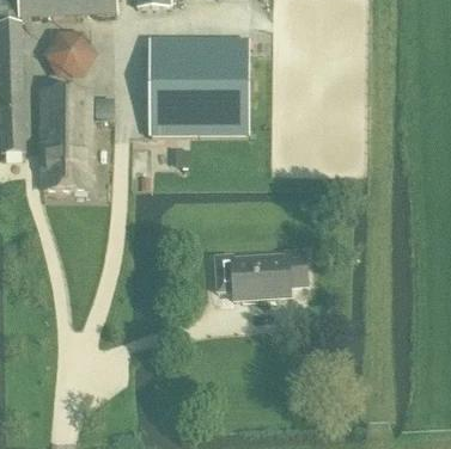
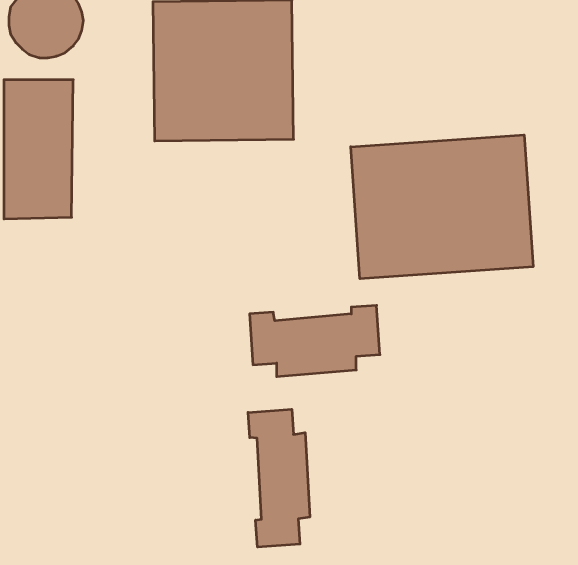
building: none -> [351,135,533,279]
building: none -> [248,409,310,547]

